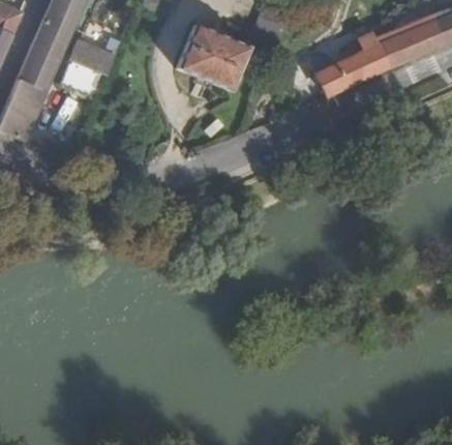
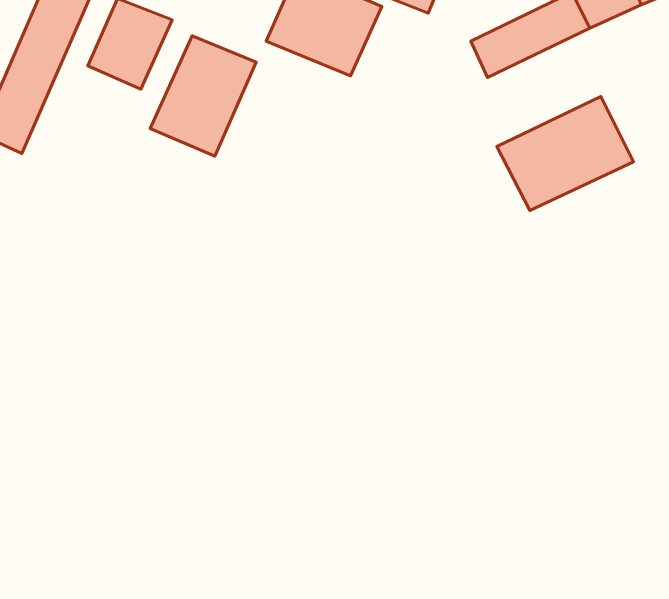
building: none -> [150,36,256,156]
building: none -> [497,96,633,210]

